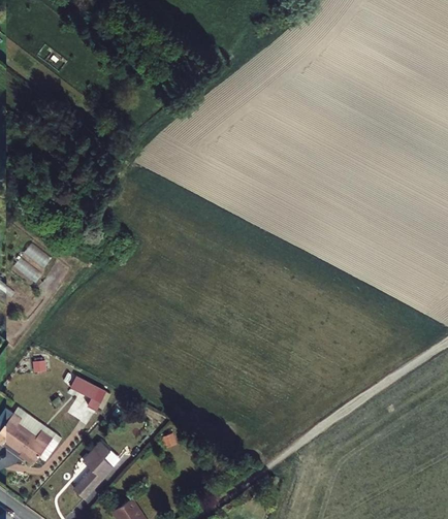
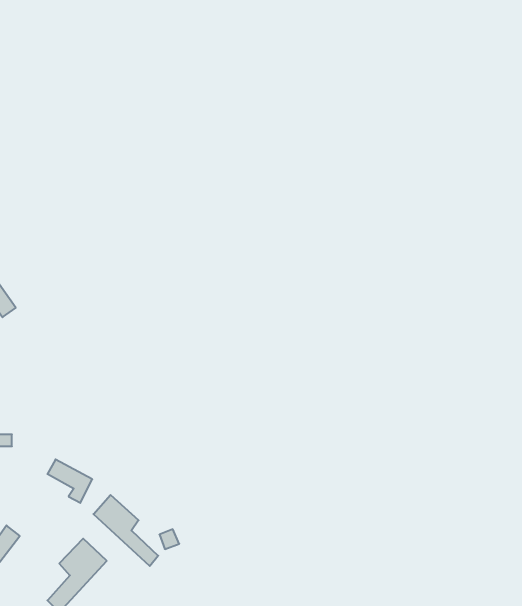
building: none -> [93,495,158,566]

